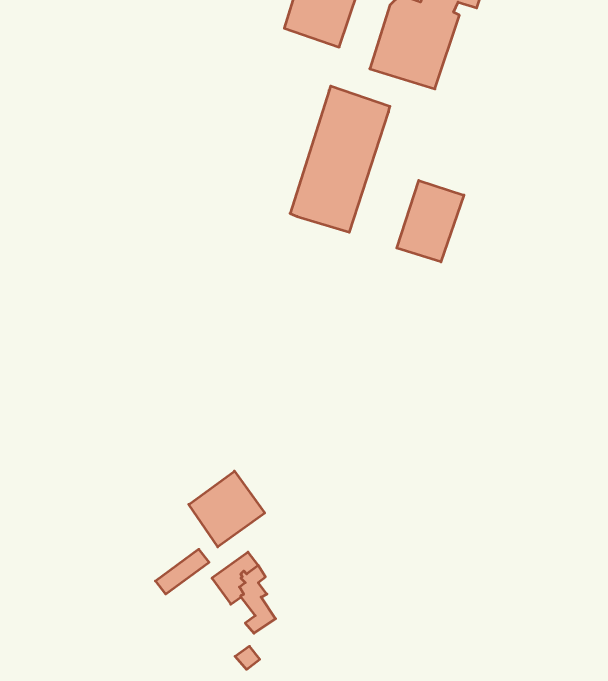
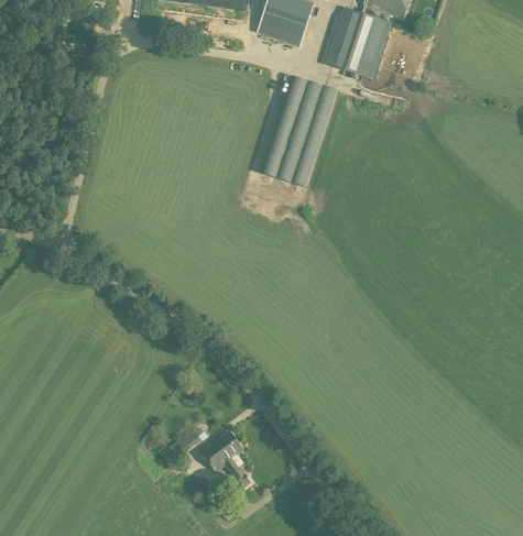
building: [397,180,464,262] -> none
building: [189,471,265,547] -> none

